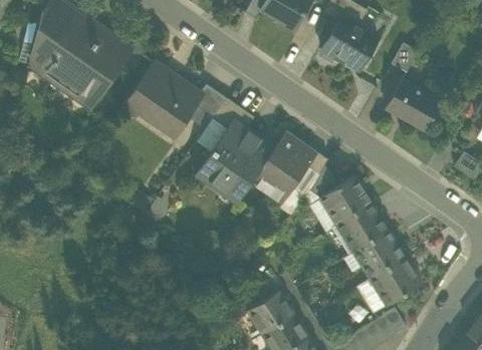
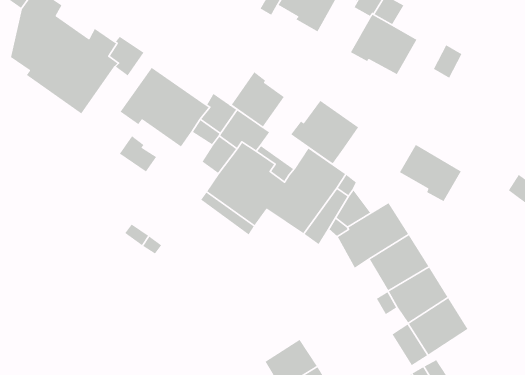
building: none -> [231,71,285,127]
building: [386,81,439,130] -> [399,144,462,202]
building: none -> [290,100,359,165]
building: none -> [119,135,157,173]

